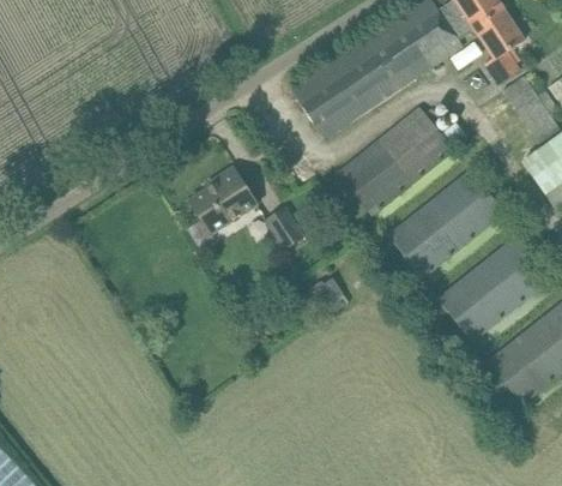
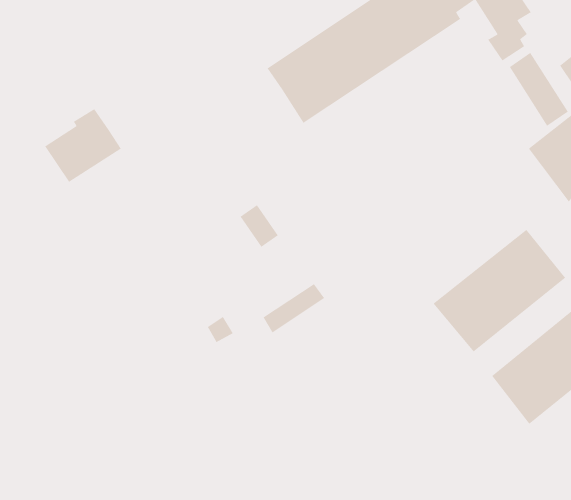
building: [338,108,454,216] -> none
building: [189,168,258,234] -> [44,108,122,183]
building: [388,169,504,278] -> none

